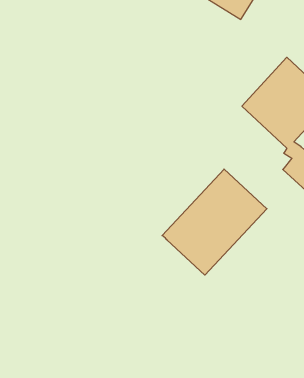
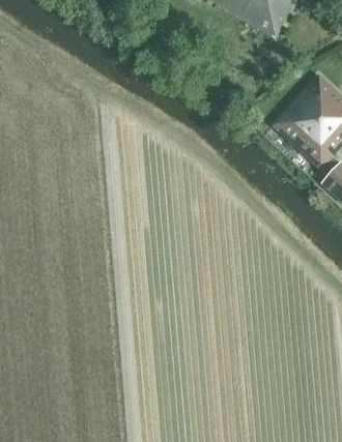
building: [162,169,267,275] -> none

